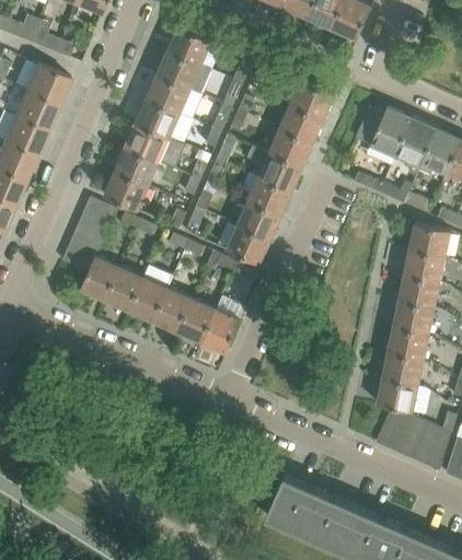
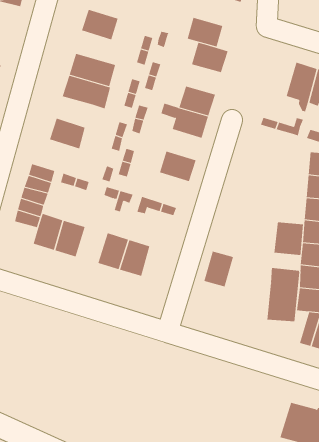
building: [157,49,210,93] -> none
building: [279,104,323,142] -> [187,17,223,47]
building: [370,106,411,154] -> none
building: [125,122,169,162] -> none
building: [103,171,148,210] -> none
building: [247,176,291,215] -> none
building: [226,224,270,264] -> none
building: [128,277,168,320] -> none
building: none -> [274,222,304,256]
building: [201,308,240,352] -> [204,251,234,287]
building: none -> [267,267,300,322]
building: [265,474,356,548] -> none

